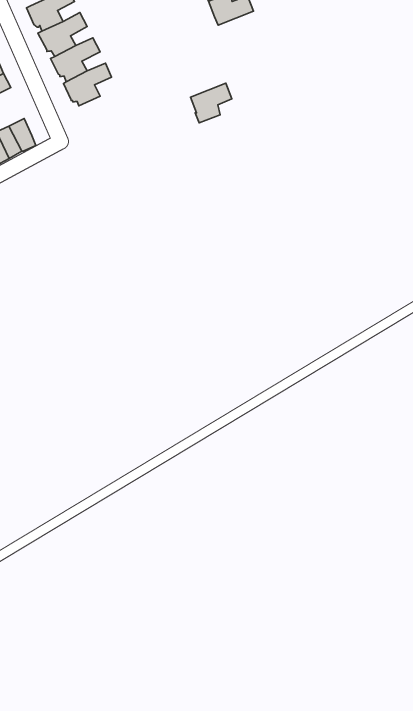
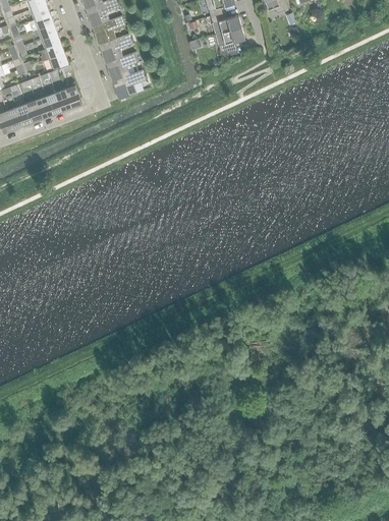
building: [191,83,232,123] -> [216,25,244,51]
building: none -> [111,68,149,98]

